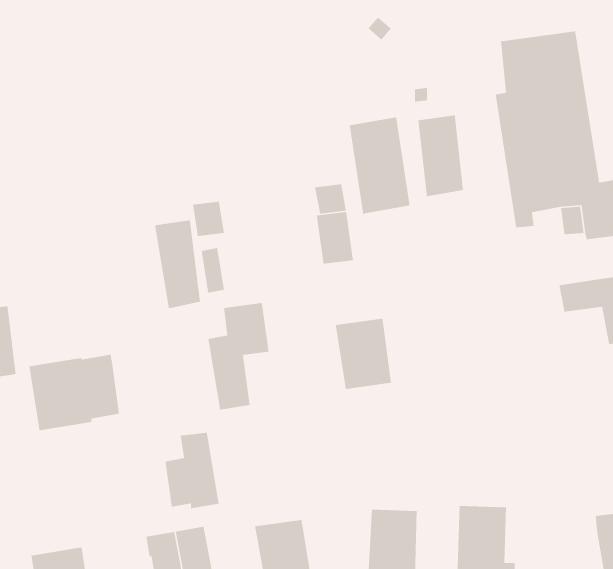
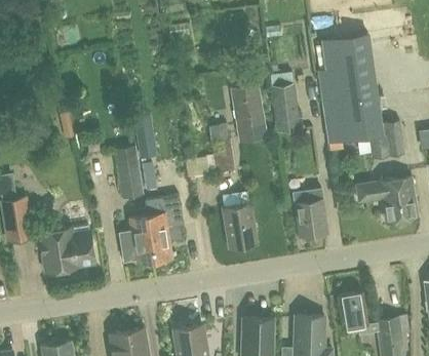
building: none -> [293,189,327,237]
building: [164,432,219,509] -> [120,216,153,263]
building: none -> [338,292,378,337]

